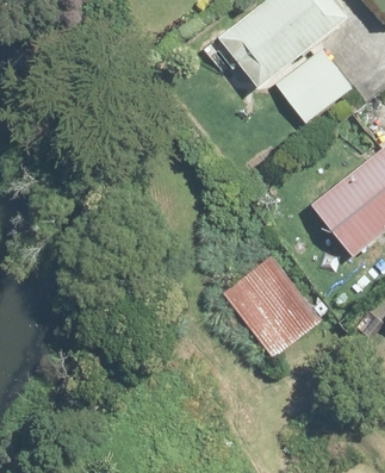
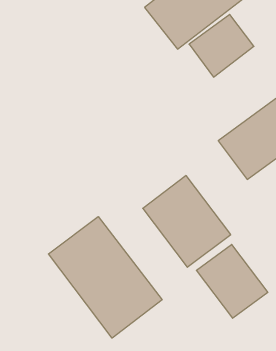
building: none -> [48,217,162,338]
building: none -> [196,244,268,318]

